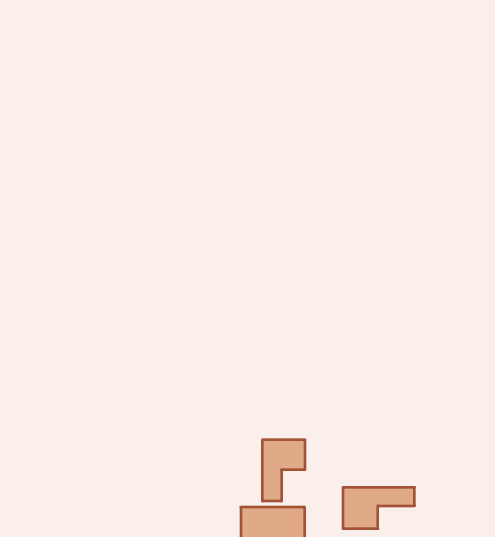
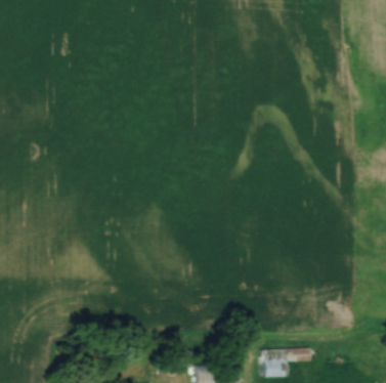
building: [263,440,305,501] -> none

